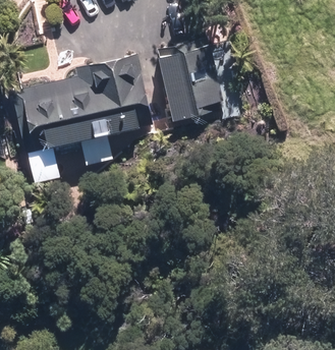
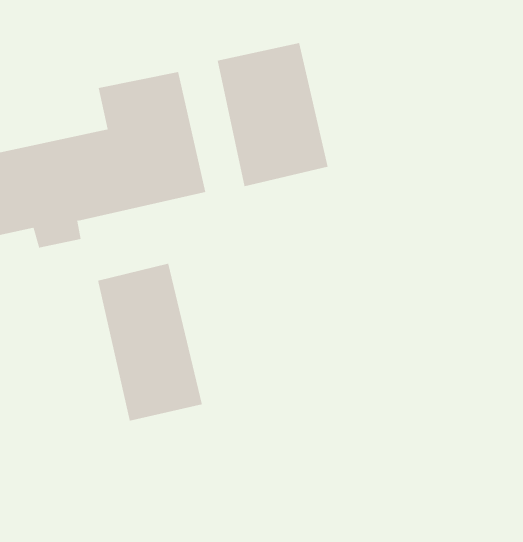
building: none -> [98,263,203,421]

